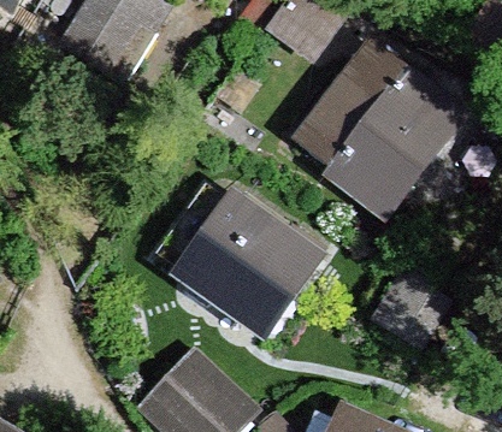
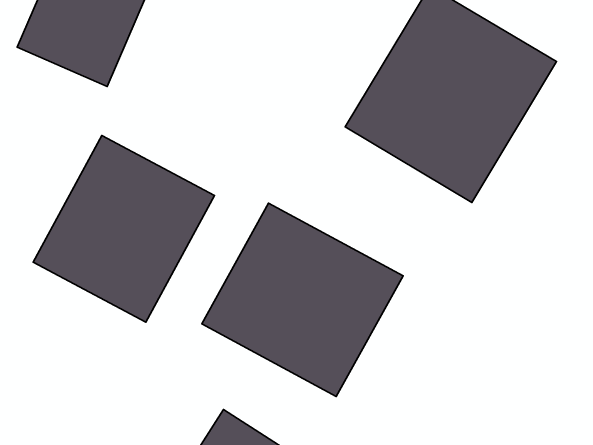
building: none -> [33,136,215,322]

